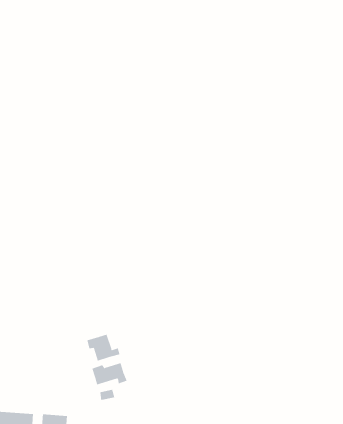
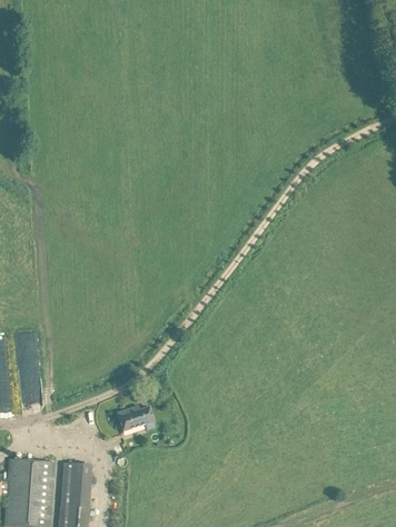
building: [87,334,120,361] -> none

